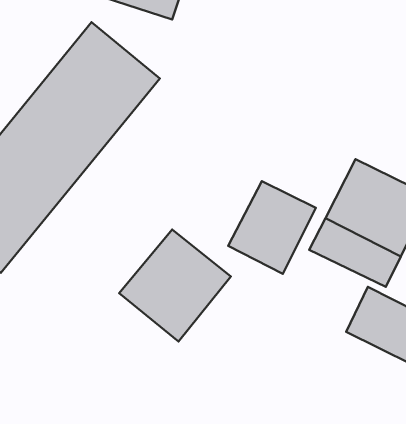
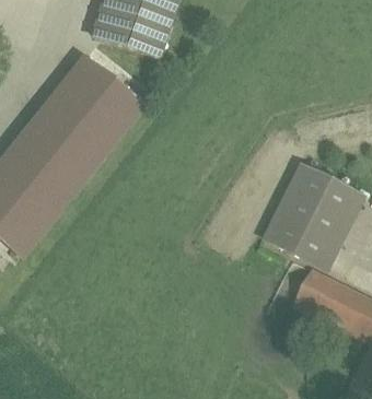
building: [228,181,316,274] -> none
building: [119,229,231,341] -> none

